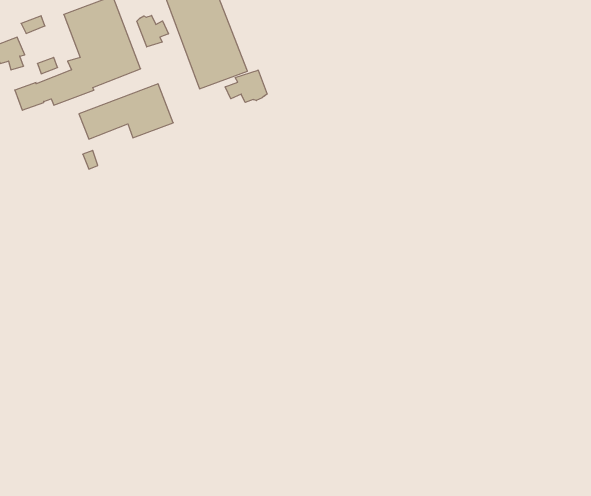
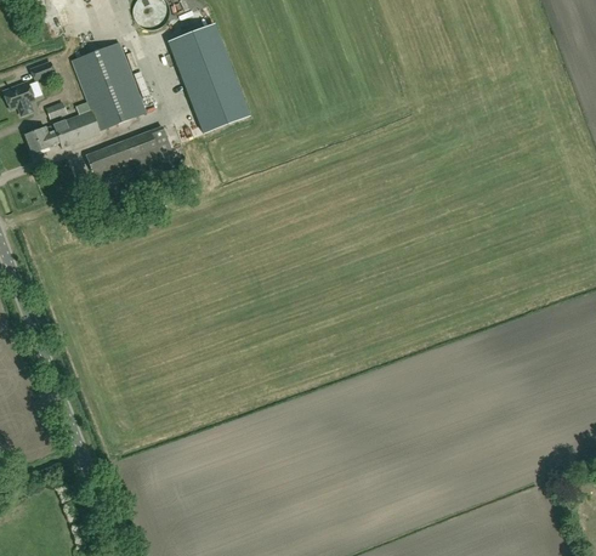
building: [137,15,168,47] -> none
building: [225,70,267,102] -> none

